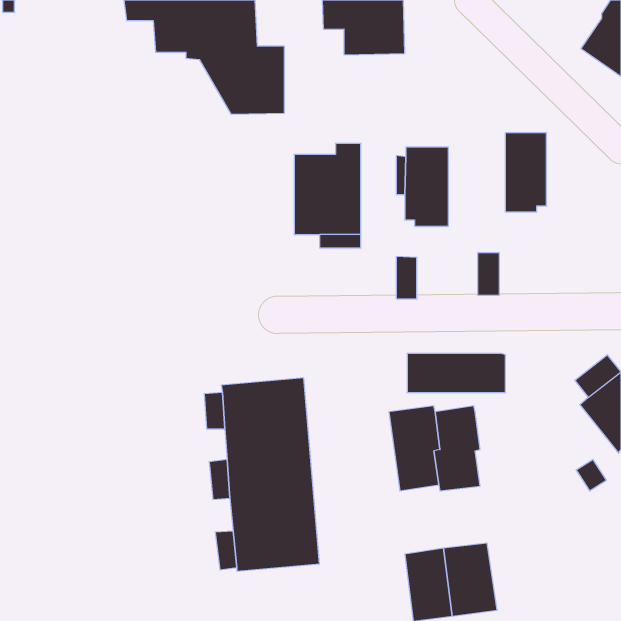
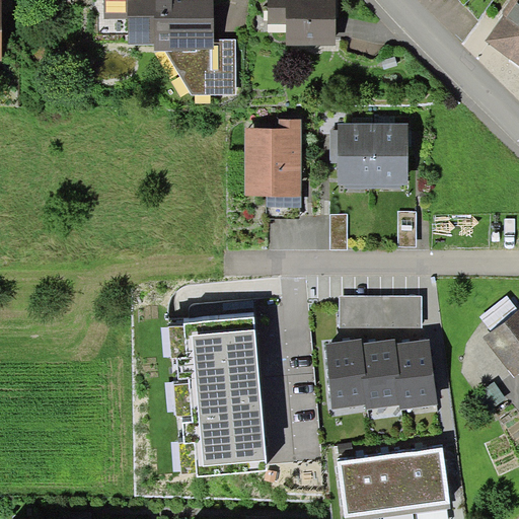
building: [505,133,547,212] -> [374,123,409,189]
building: none -> [396,340,439,410]
building: none -> [406,448,450,509]

